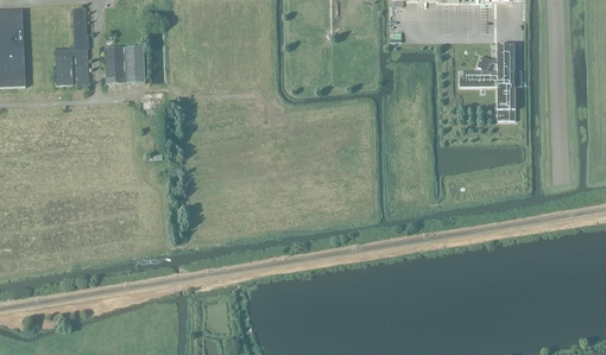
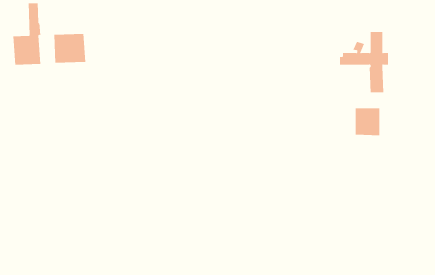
building: none -> [355,108,380,136]

